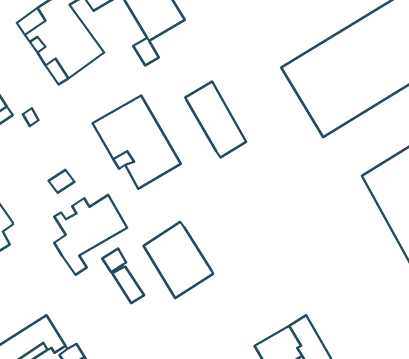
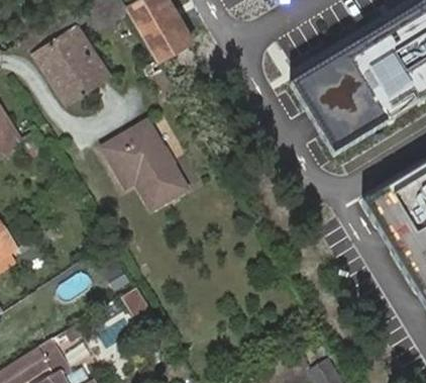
building: [185,82,246,158] -> none
building: [54,195,127,275] -> none
building: [144,222,213,298] -> none

